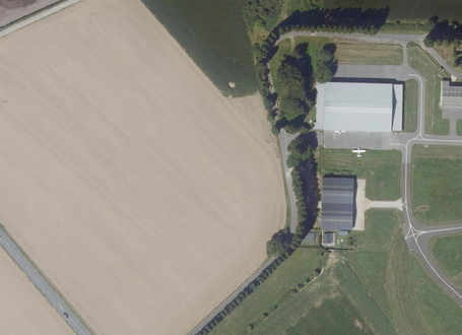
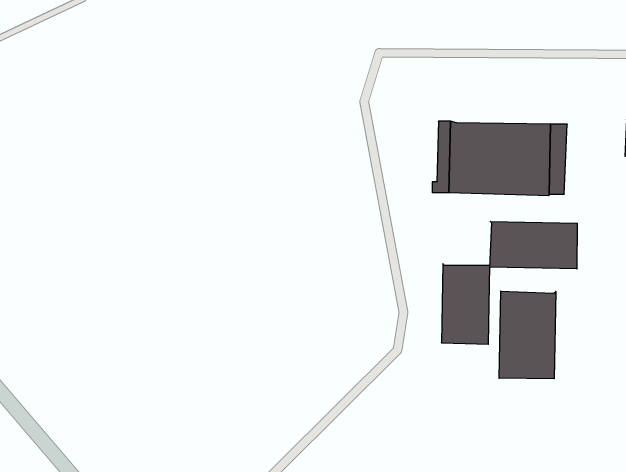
building: none -> [490,221,577,269]
building: none -> [499,291,556,379]

